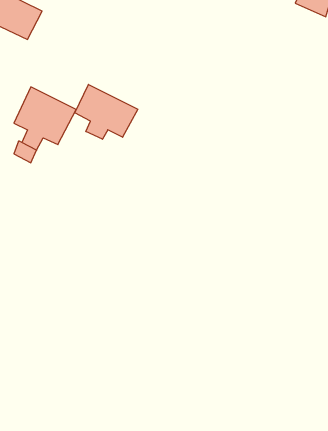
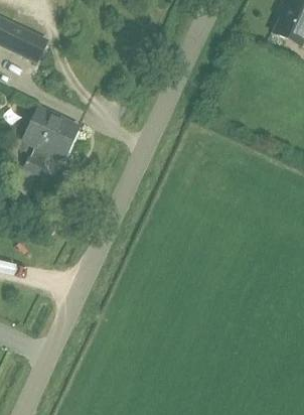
building: [75,84,138,139] -> none

